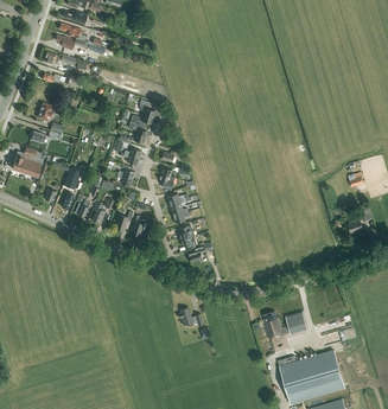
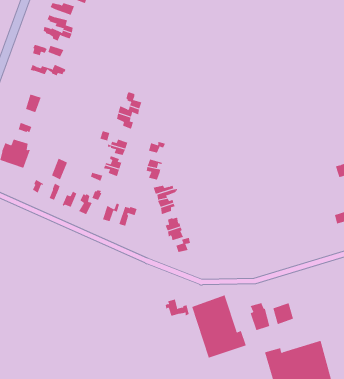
building: none -> [192,294,246,359]

